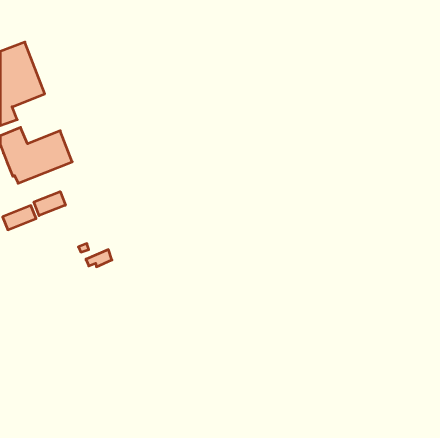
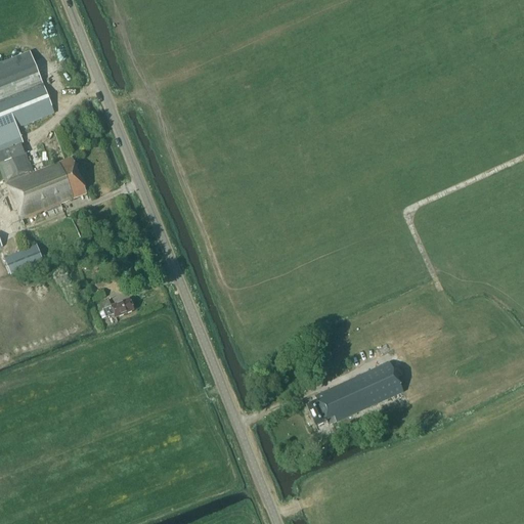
building: [34,192,65,216] -> none
building: none -> [305,360,402,424]

